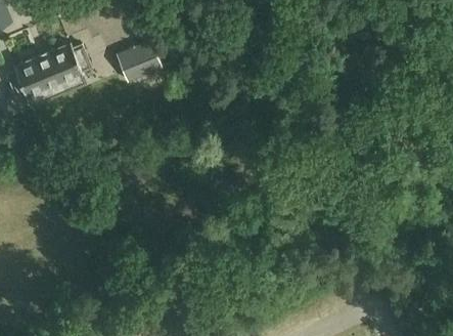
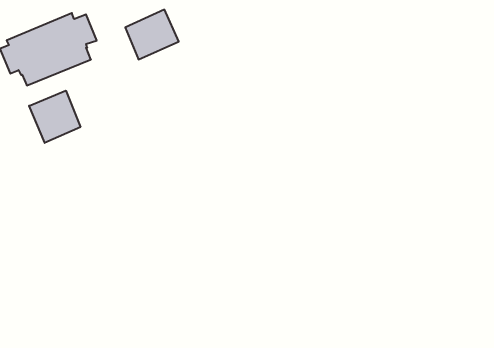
building: none -> [29,91,80,143]

